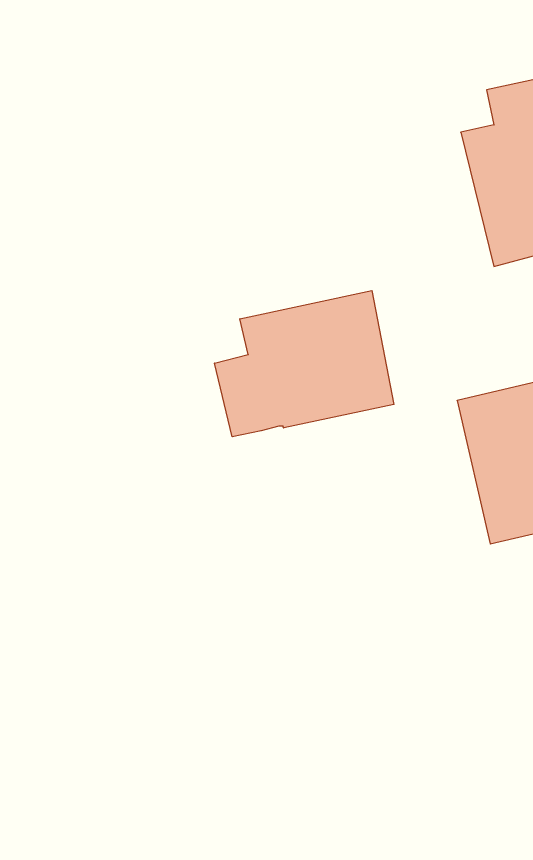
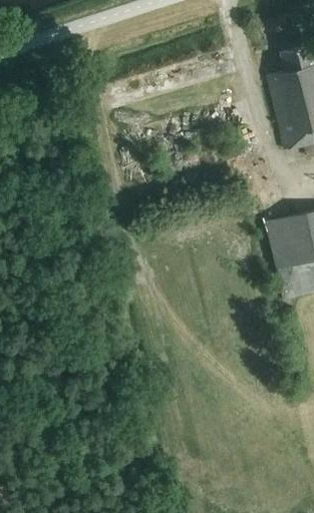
building: [215,291,394,437] -> none

